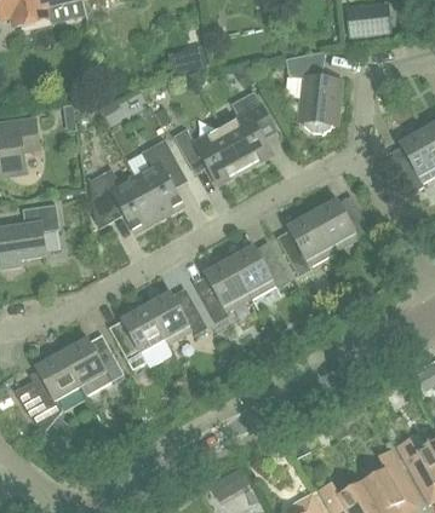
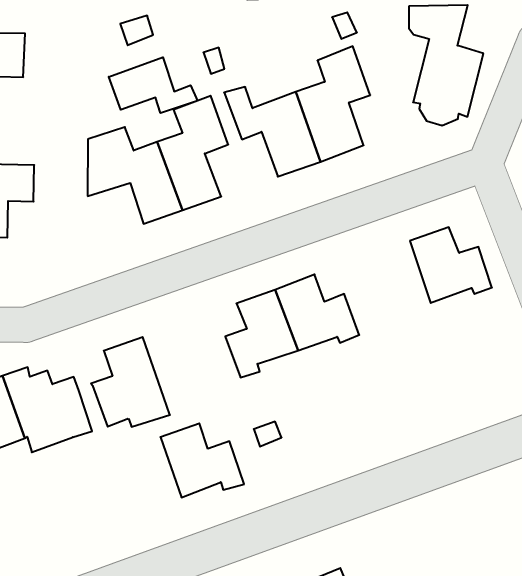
building: none -> [109,57,197,113]
building: [285,212,333,275] -> none
building: [147,292,207,342] -> [160,423,244,497]

